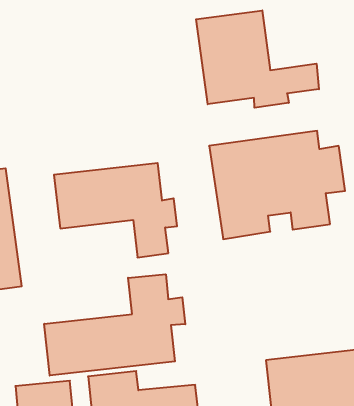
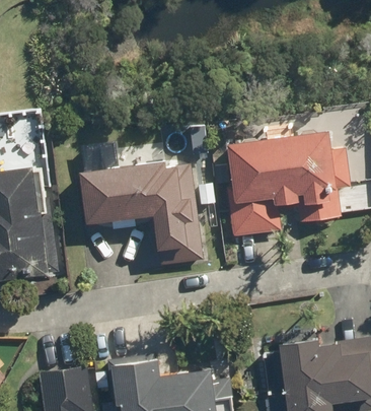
building: [196,10,319,108] -> none
building: [44,274,185,376] -> none

